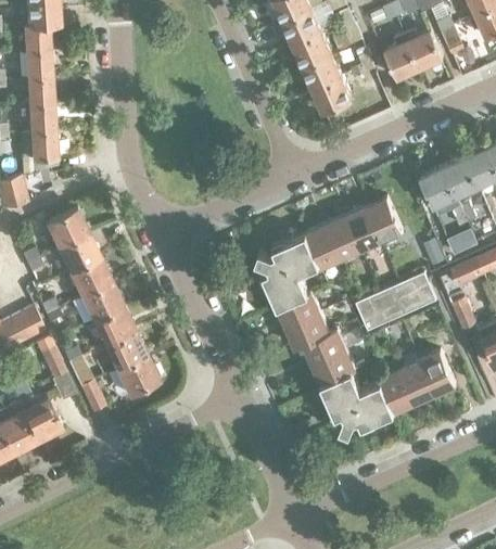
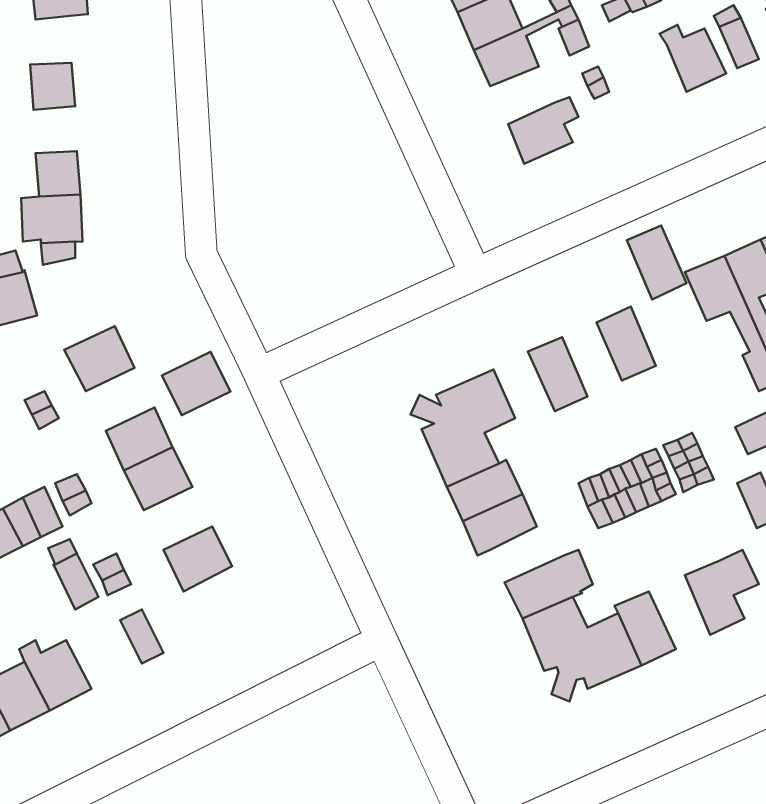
building: [24,23,50,52] -> none
building: [384,34,420,79] -> none
building: [302,53,341,88] -> none
building: [27,77,53,105] -> none
building: [345,207,381,252] -> [627,226,686,300]
building: [304,225,341,269] -> none
building: [59,234,100,272] -> [162,352,231,415]
building: [93,306,135,344] -> none
building: [302,327,346,363] -> none
building: [117,354,158,394] -> none
building: [397,359,434,404] -> none

